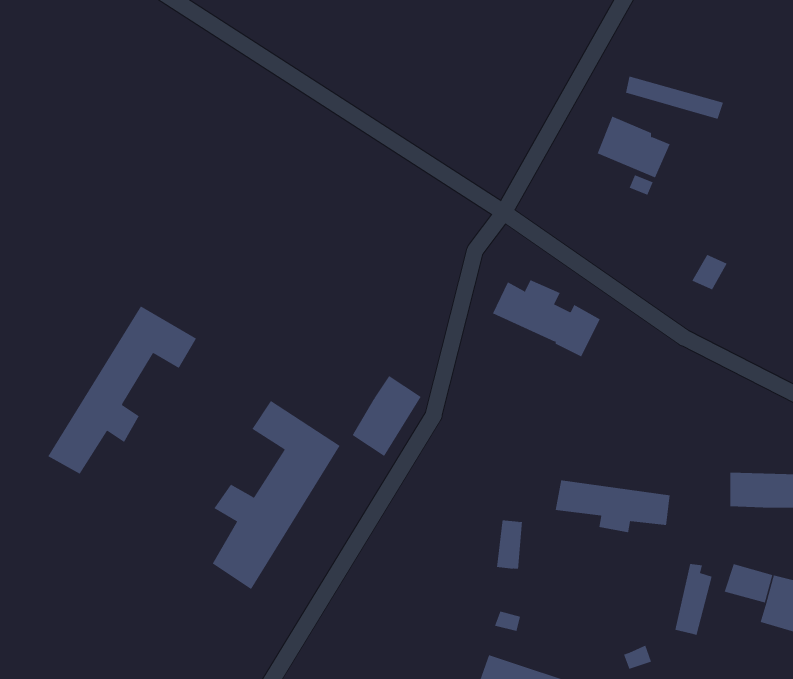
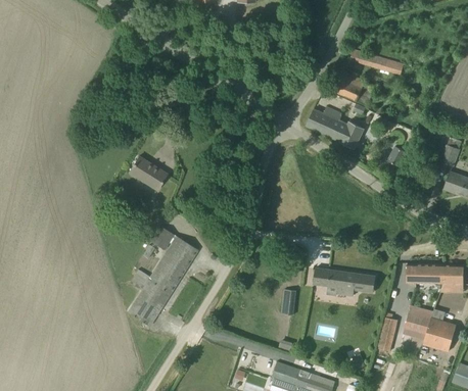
building: none -> [129,156,167,190]
building: [492,279,600,357] -> [306,107,364,149]
building: [48,306,197,474] -> none
building: [352,375,421,457] -> none

